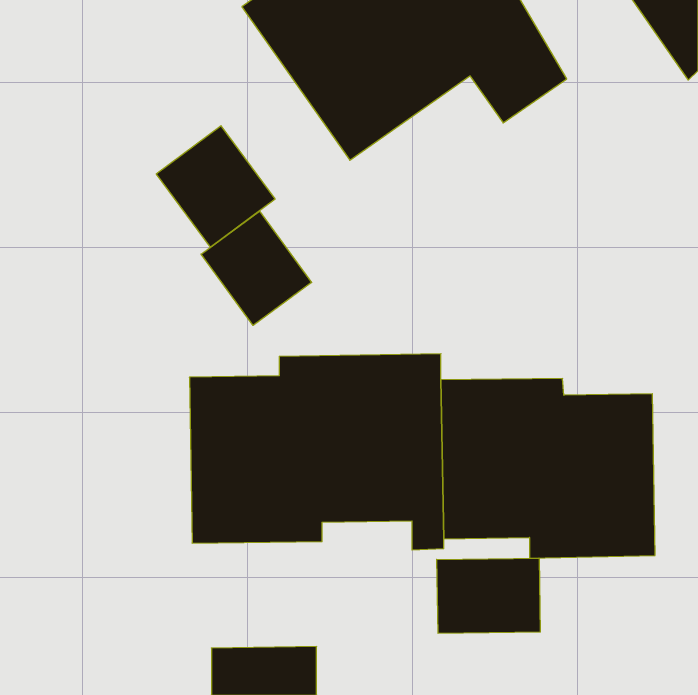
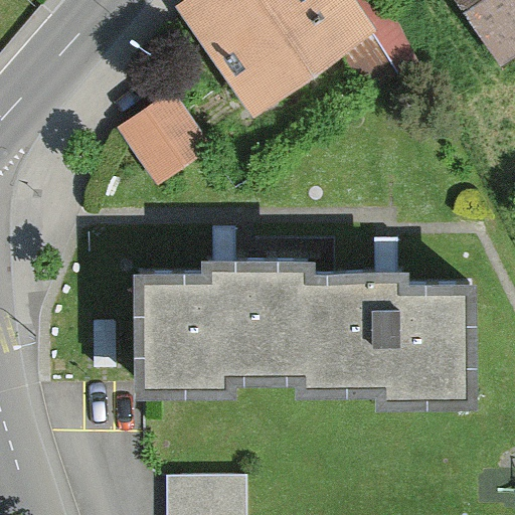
building: [201,211,312,325] -> none
building: [437,558,540,633] -> none

